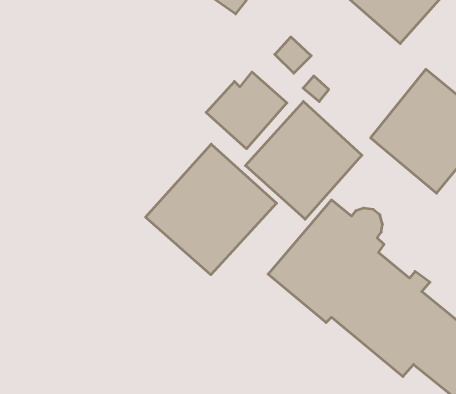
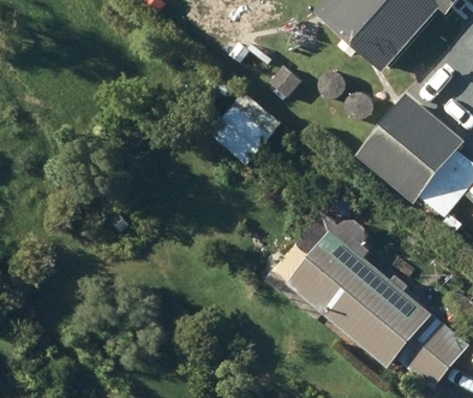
building: [245,101,362,219] -> none
building: [146,144,277,275] -> none

